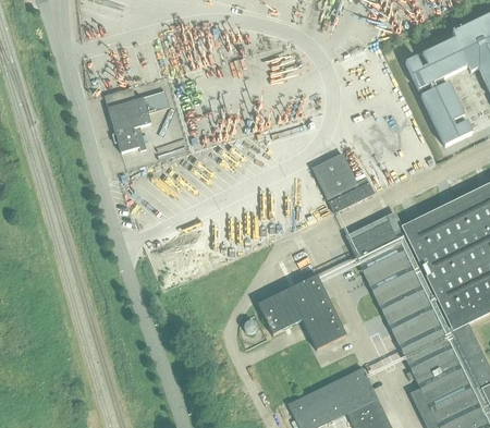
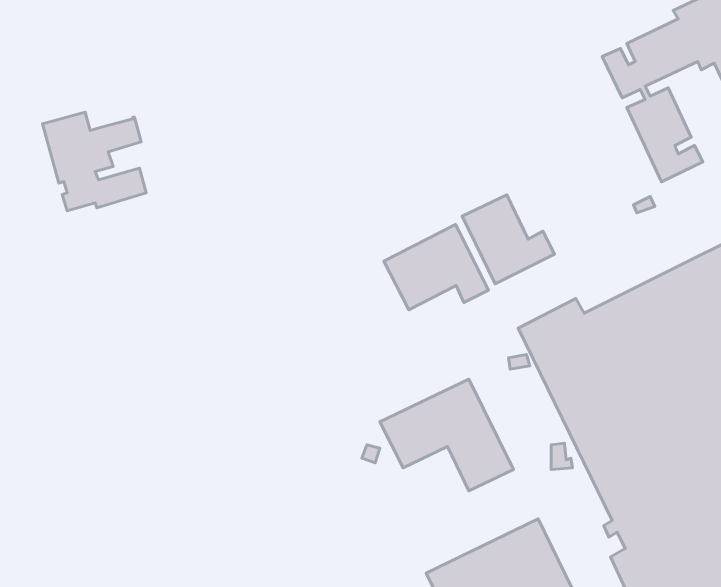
building: [105,86,173,151] -> [42,112,146,211]
building: none -> [384,224,489,310]

